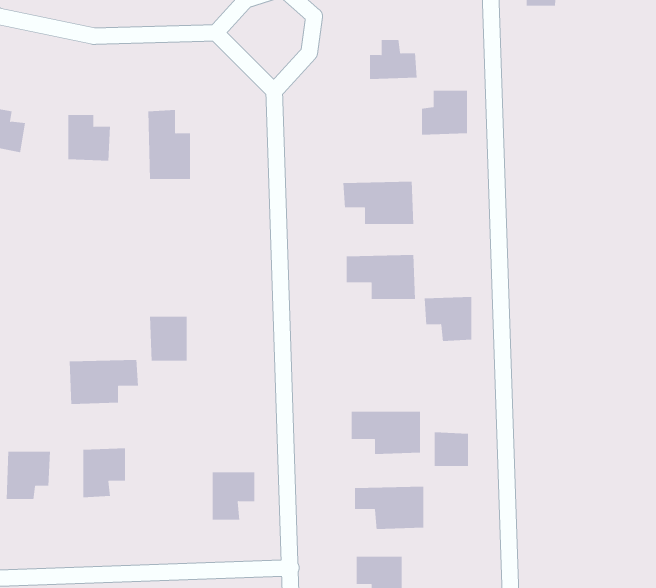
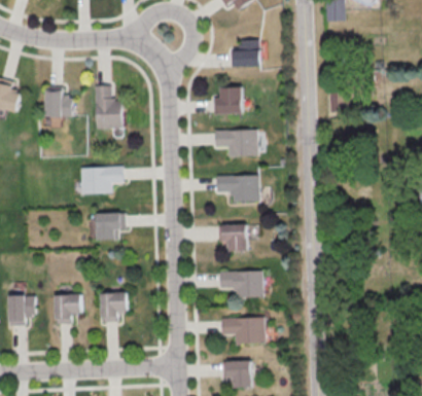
building: [421,90,468,135] -> [213,87,242,115]
building: [424,296,472,341] -> [217,224,247,252]
building: [69,360,139,405] -> [79,167,122,194]
building: [434,432,468,467] -> none
building: [212,472,255,520] -> [100,293,127,323]

